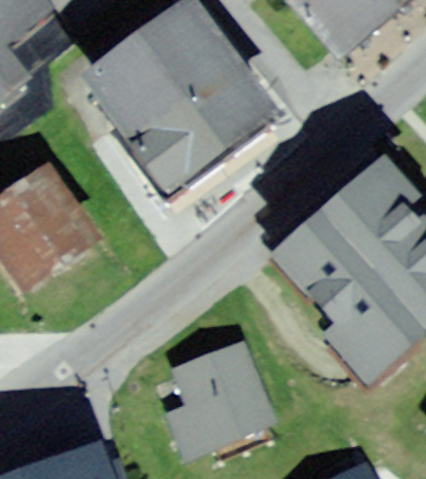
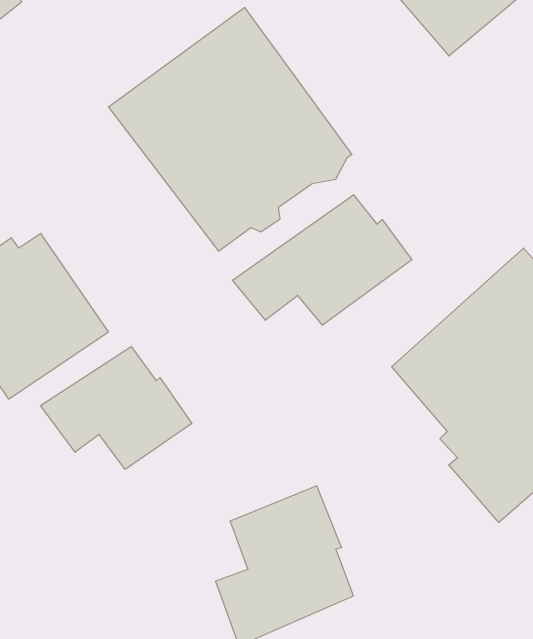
building: none -> [233,195,412,325]
building: none -> [40,347,192,469]

